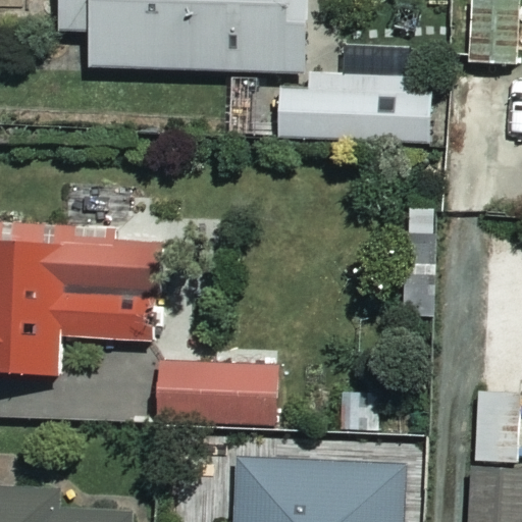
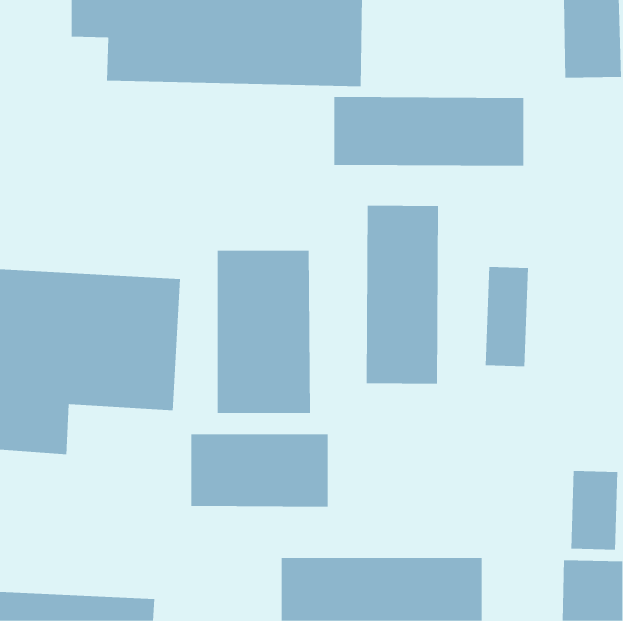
building: none -> [366,205,438,385]
building: none -> [217,250,311,414]

